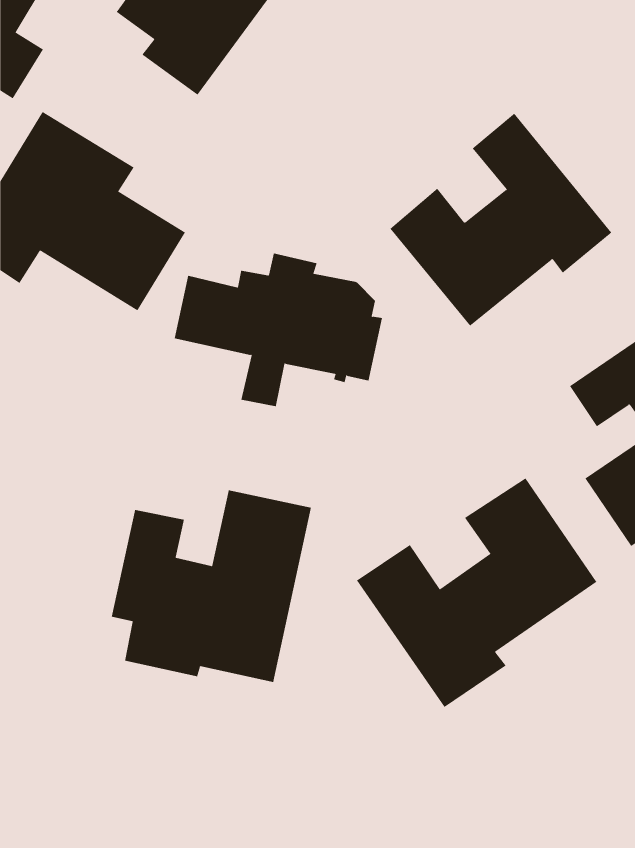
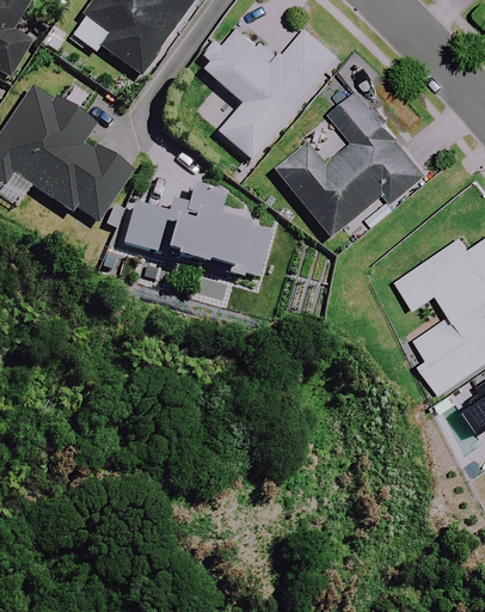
building: none -> [203,26,339,160]
building: [356,477,597,708] -> none
building: [111,490,311,683] -> none

